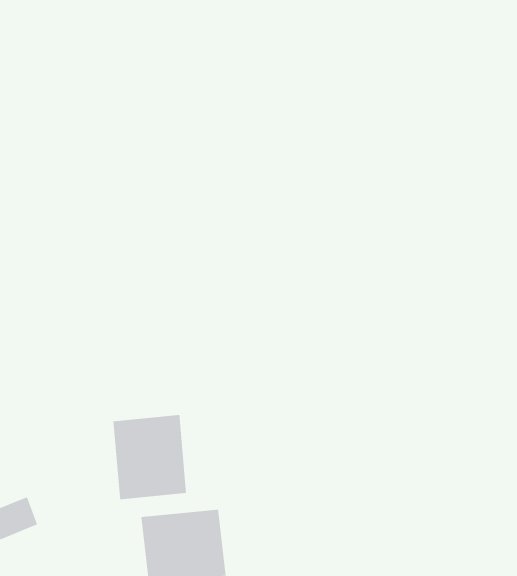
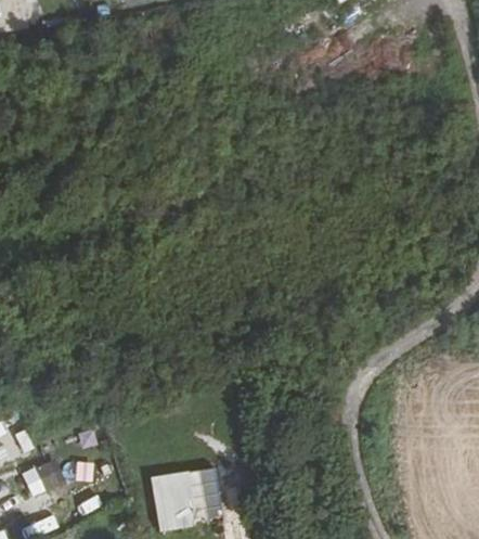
building: [113,414,187,500] -> none

